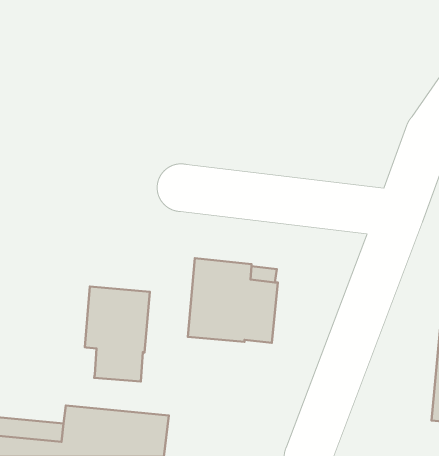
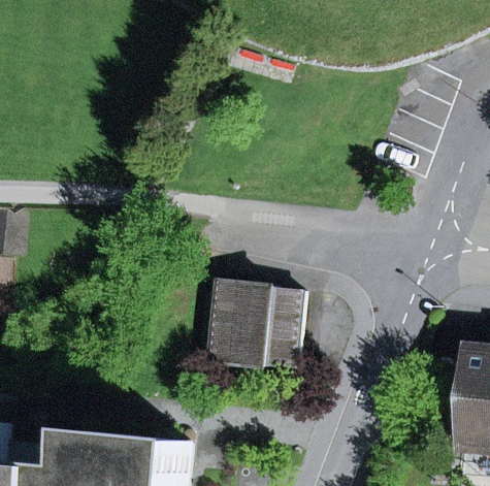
building: [85,287,150,381] -> none

